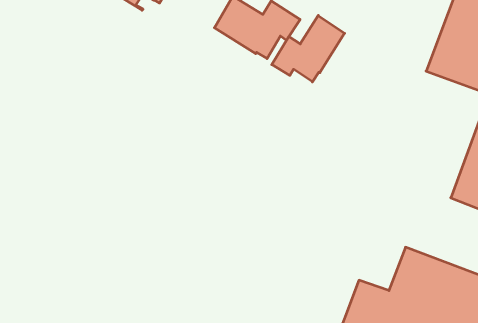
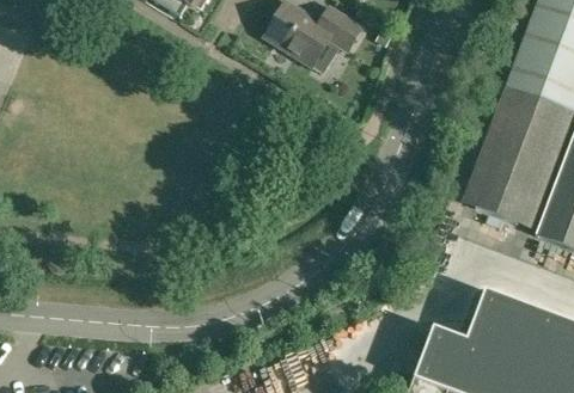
building: [272,15,345,82] -> none
building: none -> [475,92,561,222]

